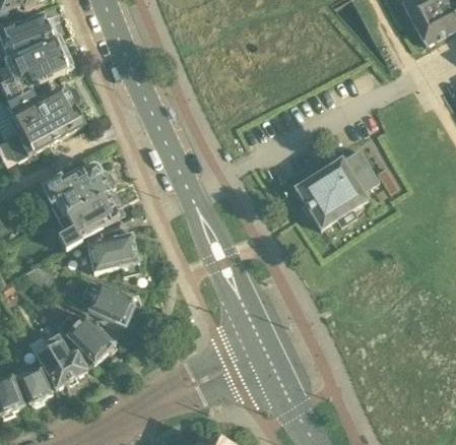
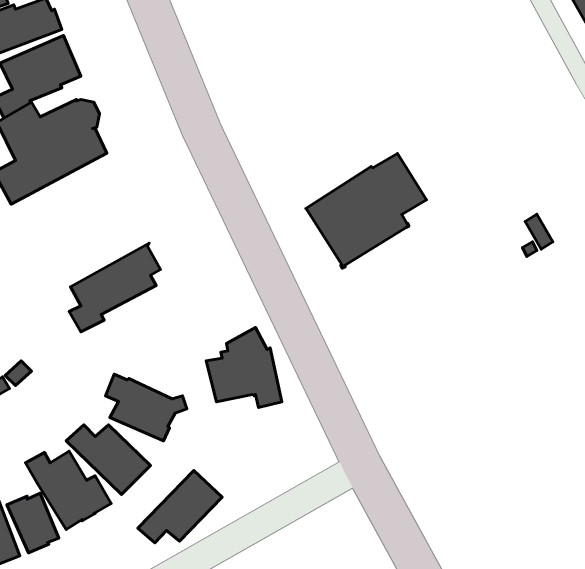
building: [295,149,379,230] -> [306,153,426,268]
building: [41,166,115,218] -> none
building: [86,220,139,276] -> [206,328,282,407]
building: none -> [138,471,222,543]

